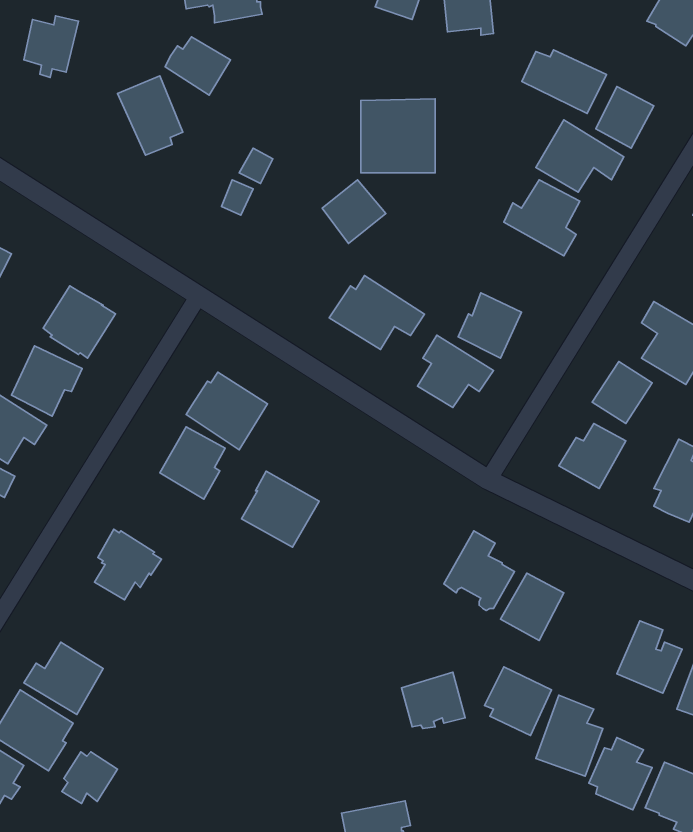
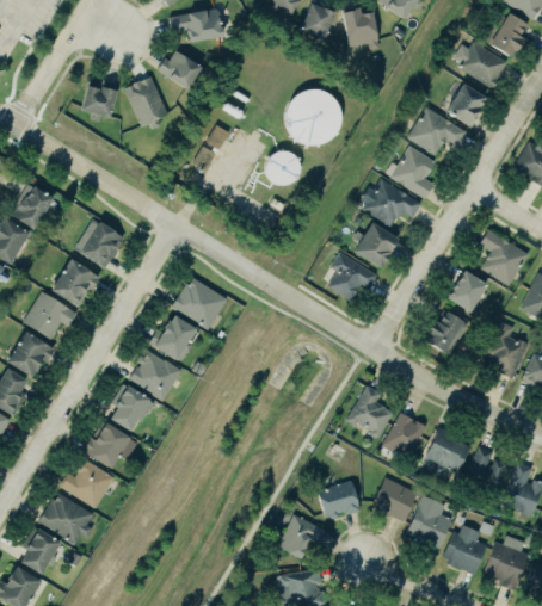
building: [24,16,79,78] -> [81,80,118,122]
building: [522,50,607,113] -> [451,43,509,86]
building: [329,275,425,349] -> [358,178,423,228]
building: [241,471,319,547] -> [129,350,181,401]
building: none -> [81,421,129,468]
building: none -> [427,431,470,480]
building: none -> [276,513,326,561]
building: [62,752,117,804] -> none

